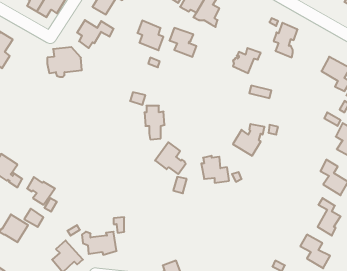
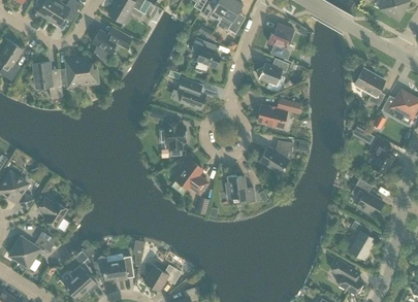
building: [137,20,163,50] -> [178,77,205,109]
building: [274,23,298,57] -> [268,23,294,60]
building: none -> [33,62,63,99]
building: none -> [257,105,285,127]
building: none -> [144,265,181,291]

